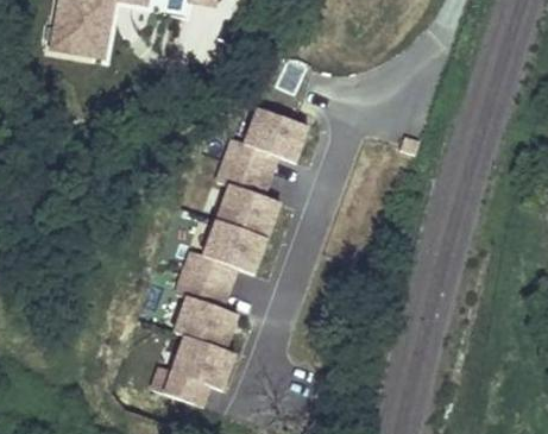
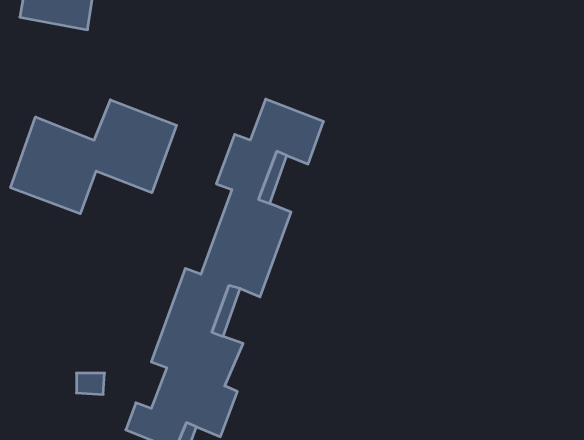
building: none -> [11,100,177,214]

